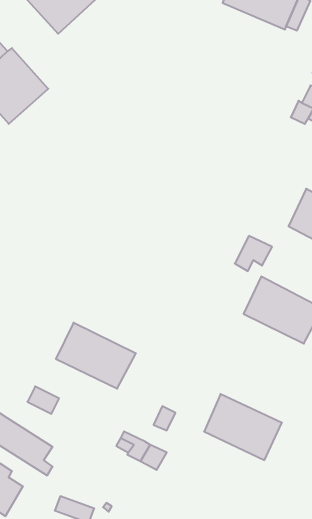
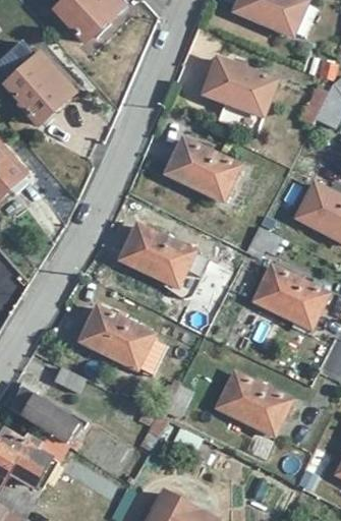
building: none -> [205,59,276,135]
building: none -> [167,139,240,200]
building: none -> [120,224,208,293]

